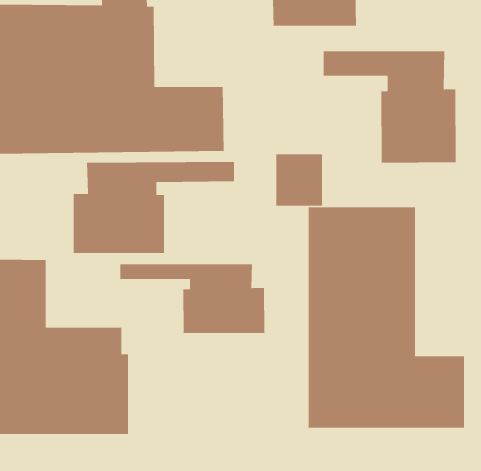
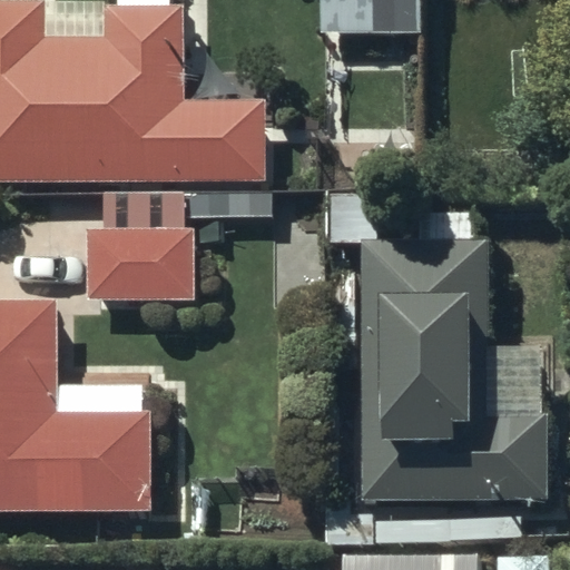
building: [323,51,457,163] -> none
building: [119,264,265,334] -> none

